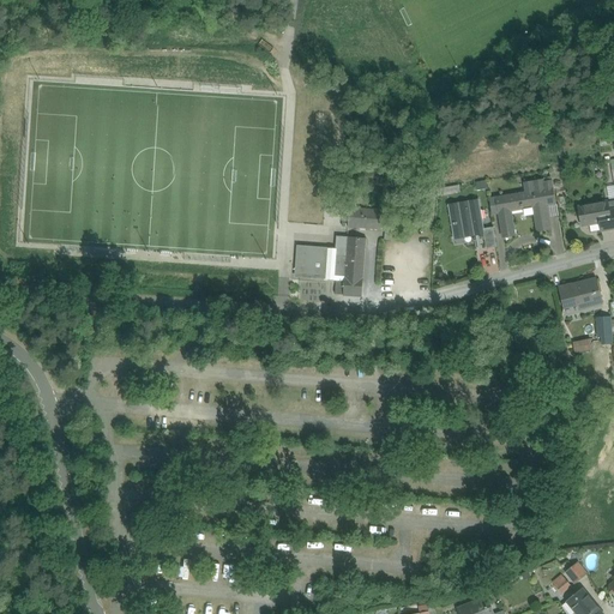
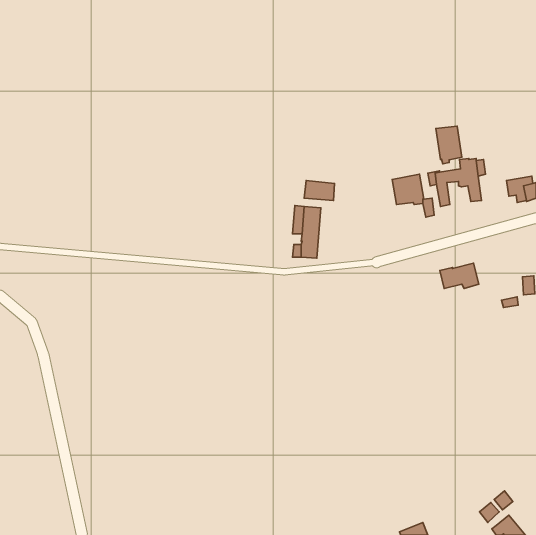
building: none -> [436,126,462,164]
building: [297,245,326,272] -> none
building: [559,278,603,307] -> [440,263,479,288]

